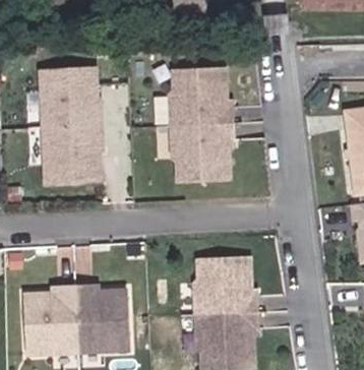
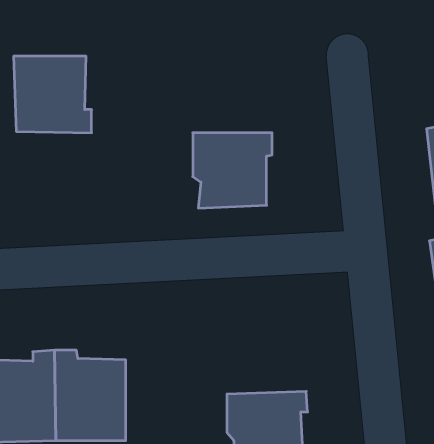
building: [174,68,234,123] -> none
building: [44,122,100,180] -> none
building: [199,260,259,317] -> none

